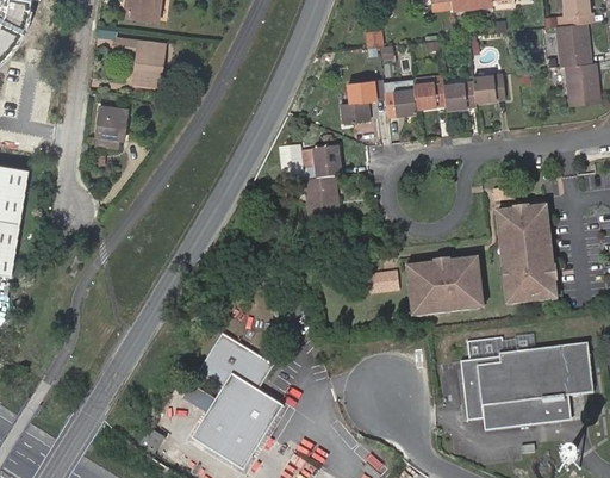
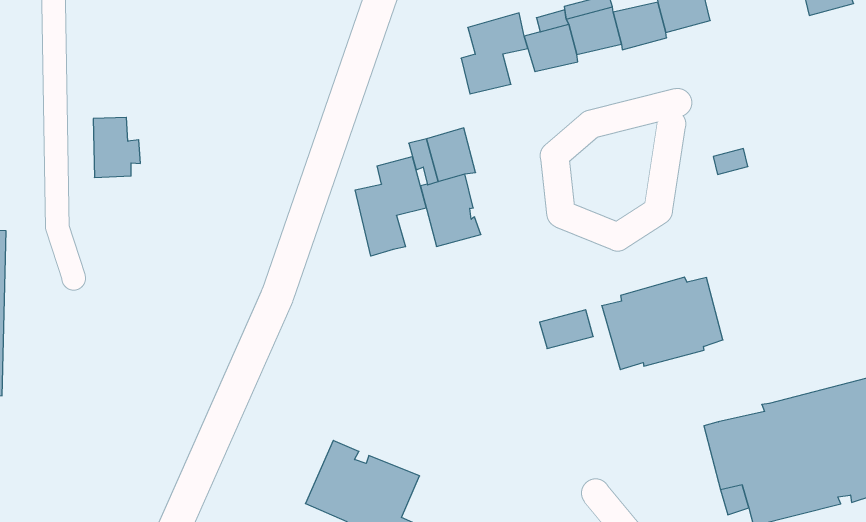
building: [112,38,170,83] -> none
building: none -> [355,157,426,256]
building: [496,205,554,302] -> none

